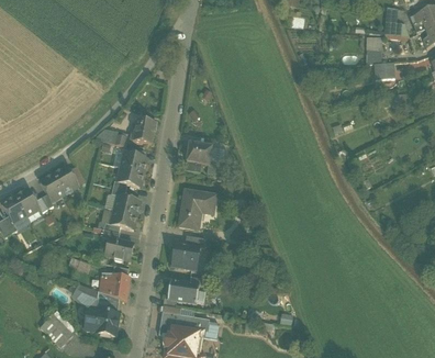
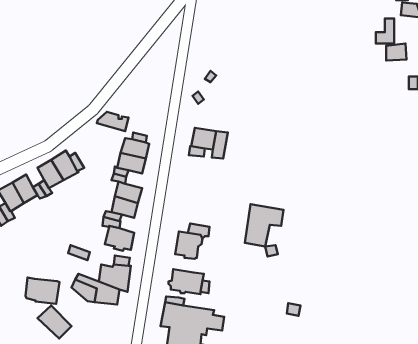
building: [133,118,156,144] -> none
building: [178,189,215,230] -> [245,204,284,246]
building: [86,310,119,335] -> [25,278,60,304]

